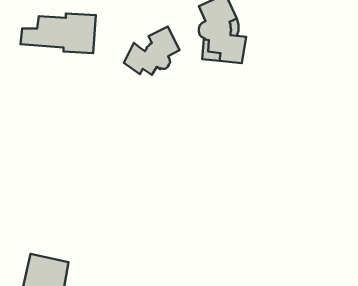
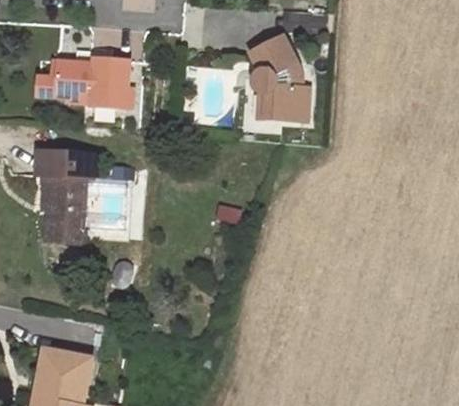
building: [124,26,180,75] -> none
building: none -> [33,149,96,241]

